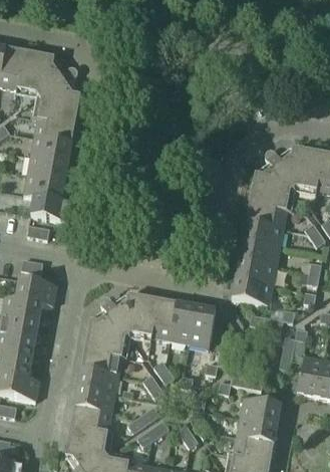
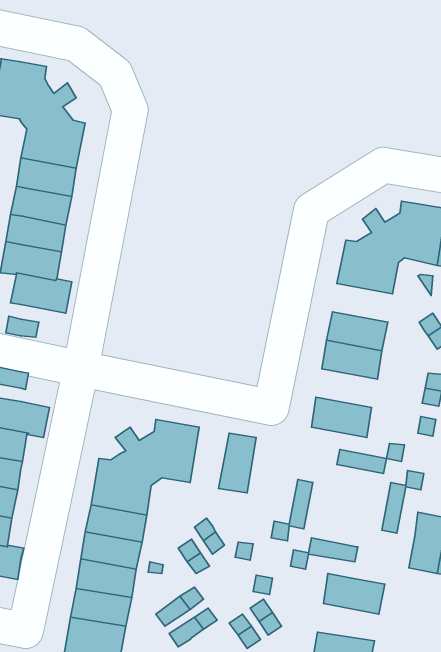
building: [246,202,286,228] -> none
building: [235,259,276,285] -> none
building: [150,298,177,339] -> none
building: [189,305,215,346] -> none
building: [236,417,277,442] -> none

